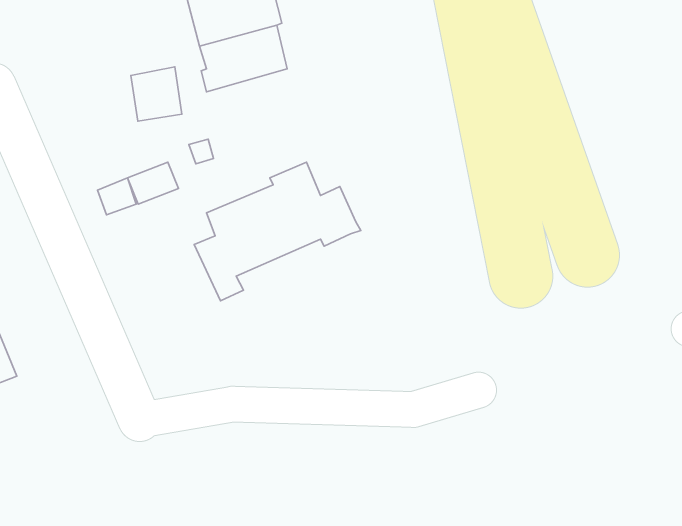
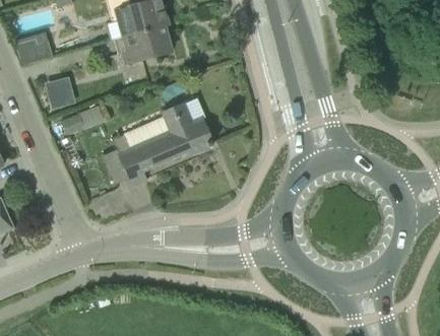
building: none -> [17,32,52,63]
building: [131,67,182,121] -> [46,76,75,108]

